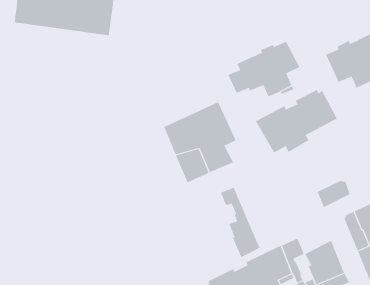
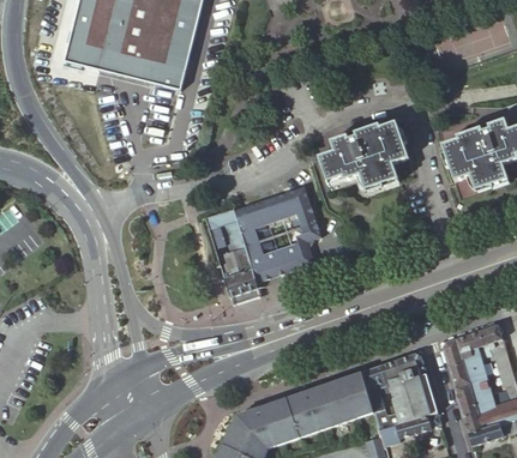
building: [255,89,337,153] -> none
building: [317,180,350,208] -> [384,352,425,384]
building: [220,187,260,258] -> [216,210,258,297]

